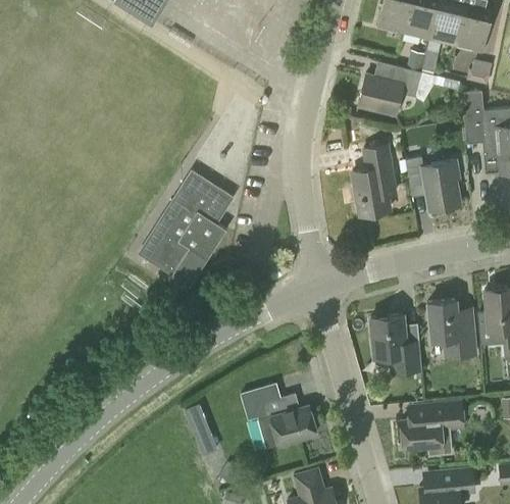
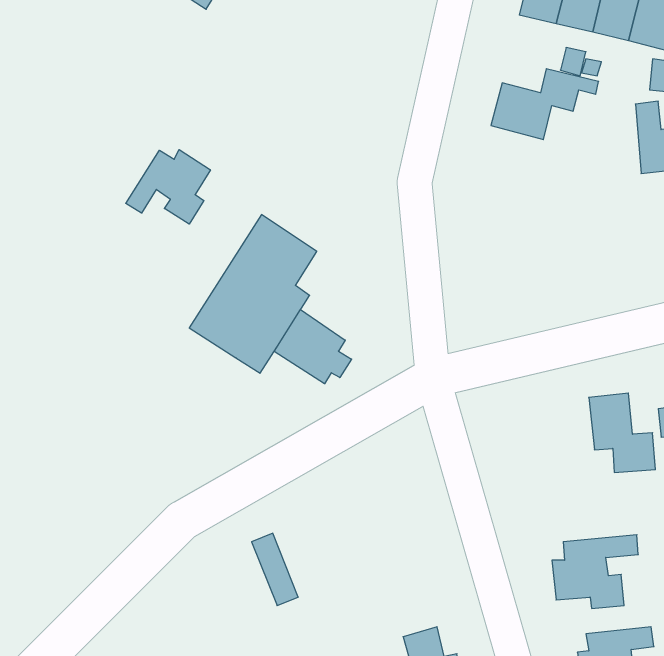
building: none -> [126,150,210,224]
building: [352,147,395,217] -> none
building: [406,156,460,210] -> none
building: none -> [274,310,352,384]
building: [370,313,421,371] -> none
building: [241,383,316,444] -> none

